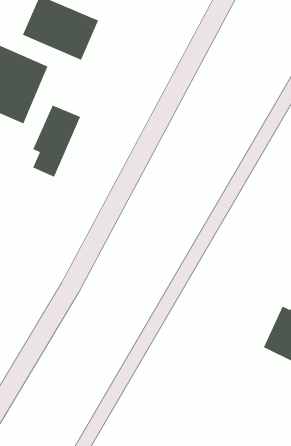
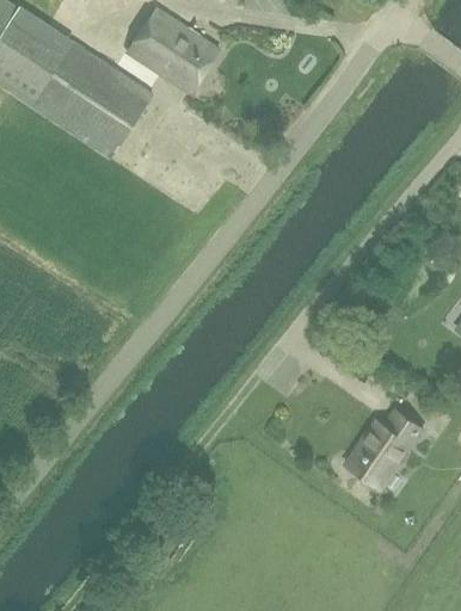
building: [32,104,81,178] -> none

